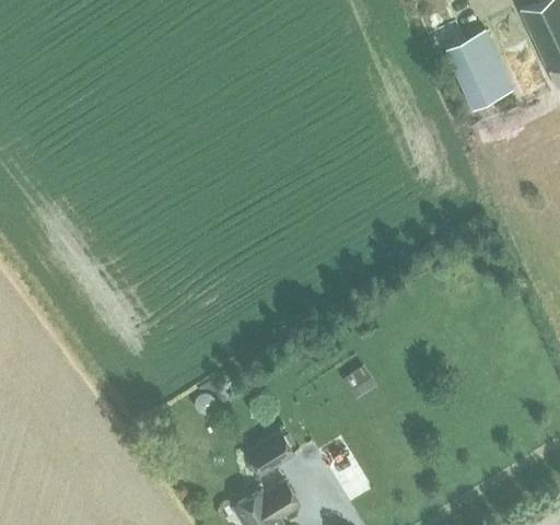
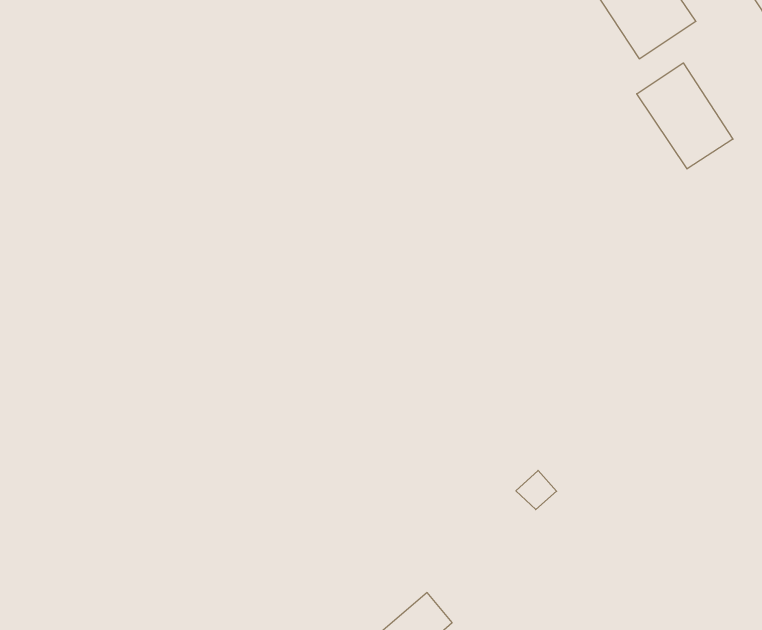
building: none -> [637,63,733,169]

